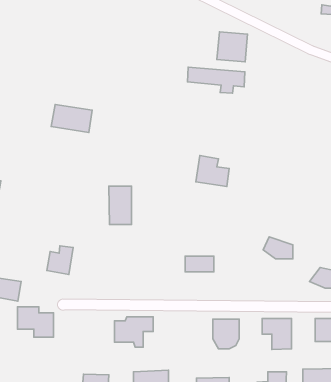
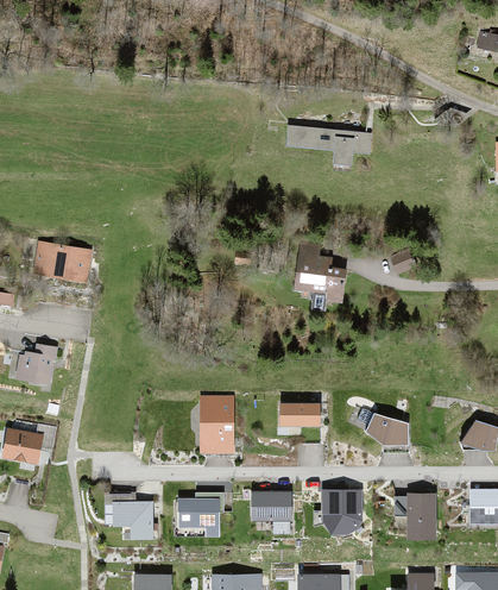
building: [217,32,247,62] -> none
building: [51,104,92,132] -> [33,239,93,280]
building: [109,186,132,225] -> [200,395,233,451]
building: [263,237,293,259] -> [366,410,409,442]
building: [47,246,73,274] -> [18,341,56,383]
building: [17,307,53,337] -> [105,491,157,535]
building: none -> [252,491,291,535]

